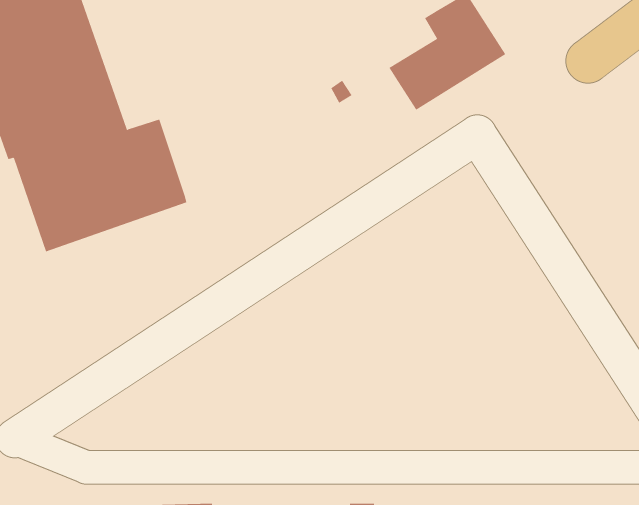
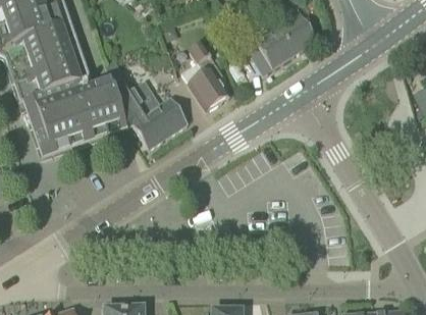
building: none -> [187,42,227,111]
building: none -> [111,69,188,147]

